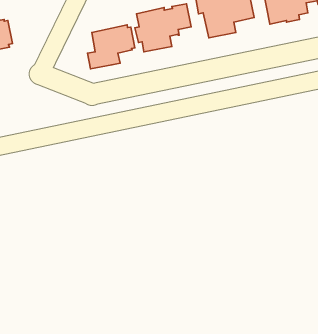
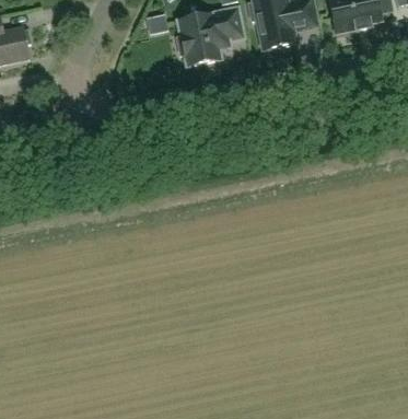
building: [88,25,135,69] -> none

